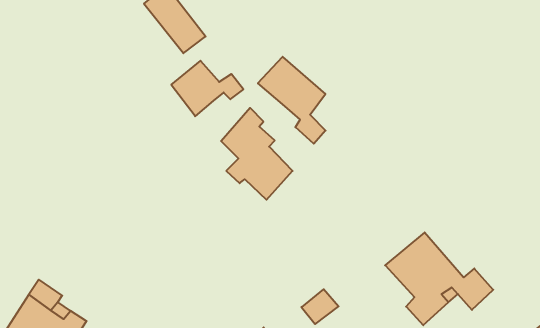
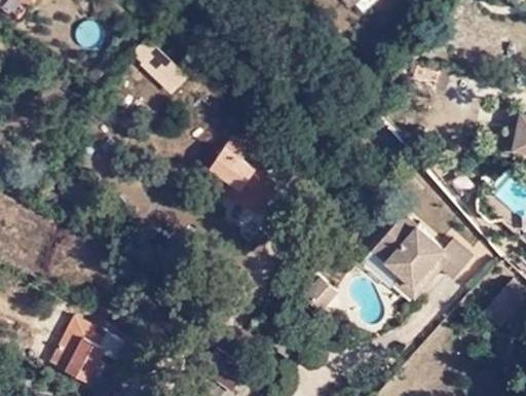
building: [258,57,326,144] -> none
building: [171,61,243,116] -> none

